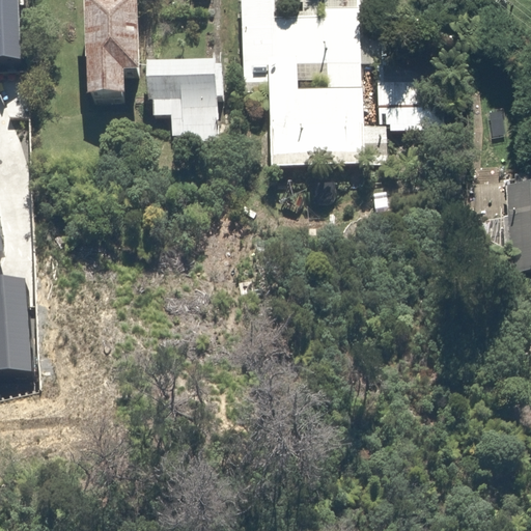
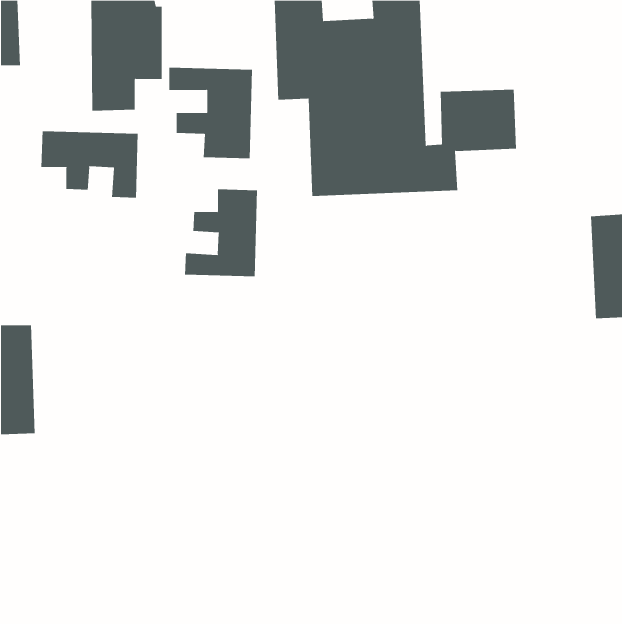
building: none -> [41,131,138,199]
building: none -> [184,189,257,277]

